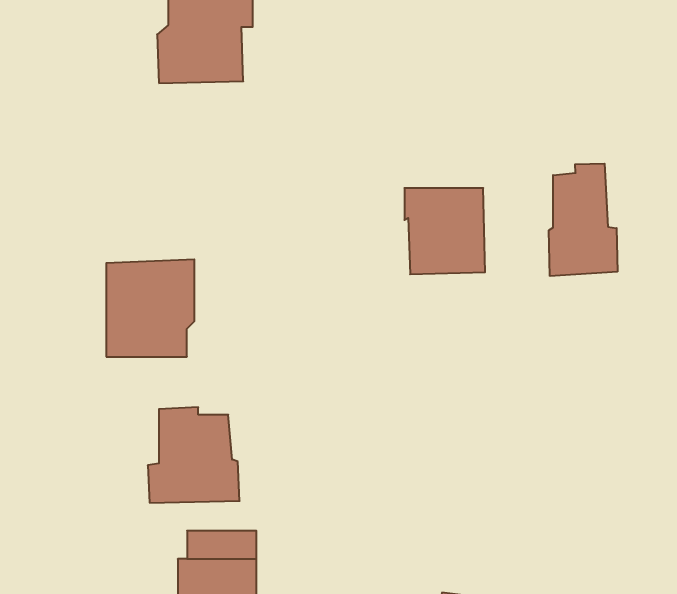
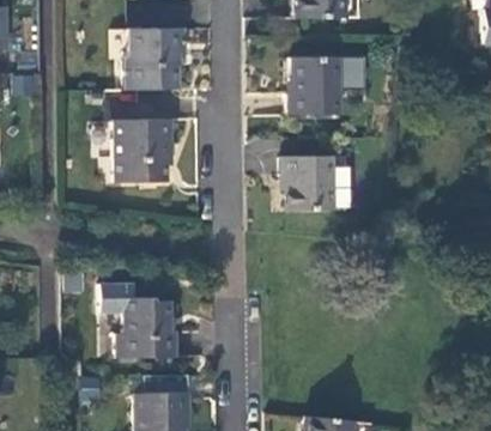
building: none -> [287,57,339,115]
building: [549,164,617,276] -> none
building: [106,259,194,357] -> [115,119,171,181]

